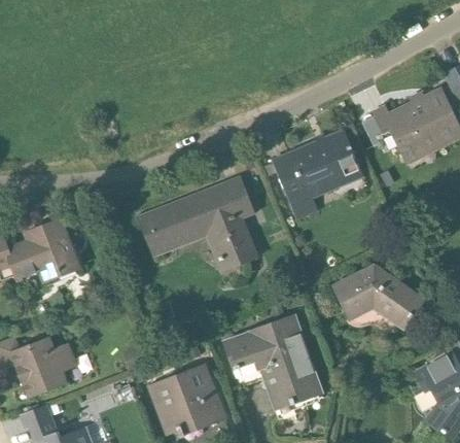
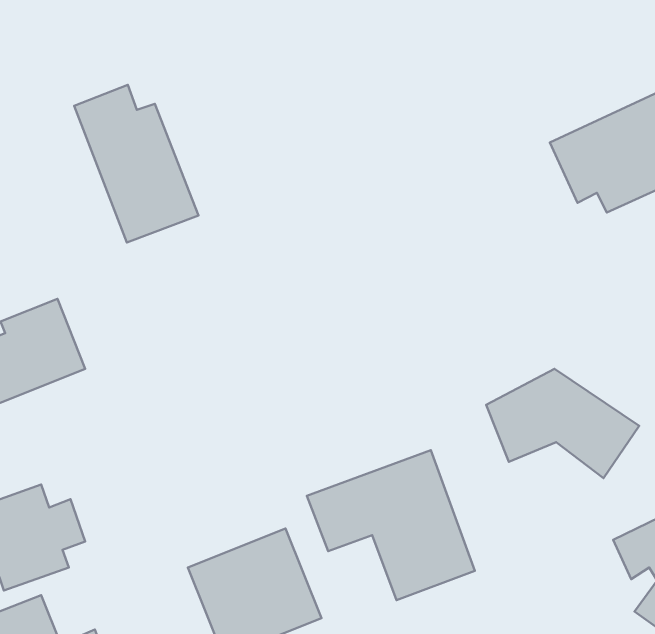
building: none -> [74,85,199,242]
building: [270,130,367,218] -> none
building: [134,175,257,272] -> none

